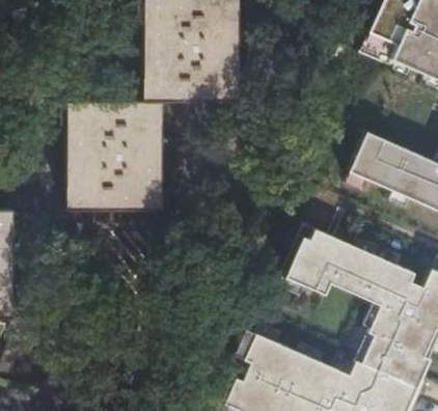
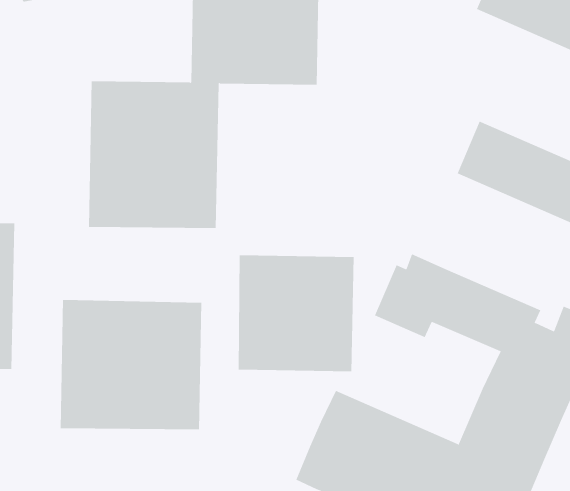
building: none -> [238,254,354,372]
building: none -> [60,299,202,430]

